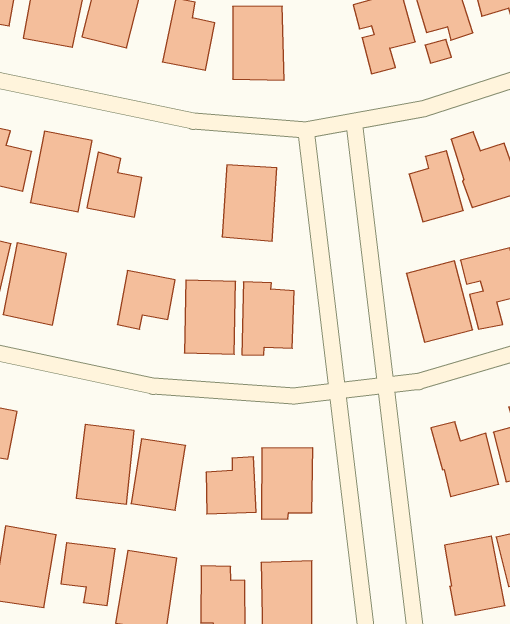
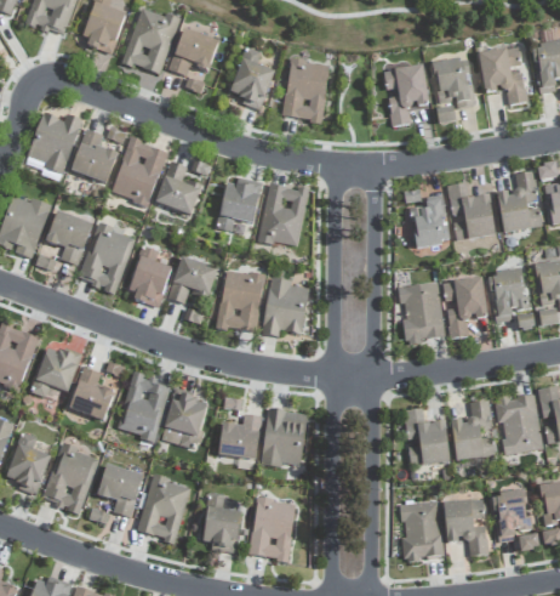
building: none -> [216,177,261,232]
building: none -> [127,245,171,306]
building: none -> [69,367,114,420]

